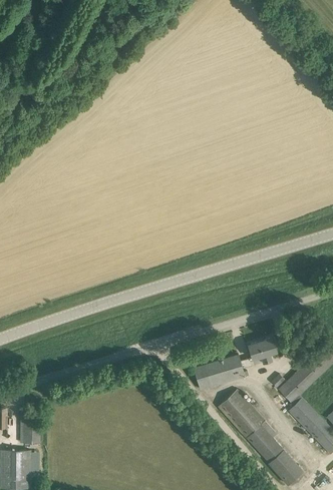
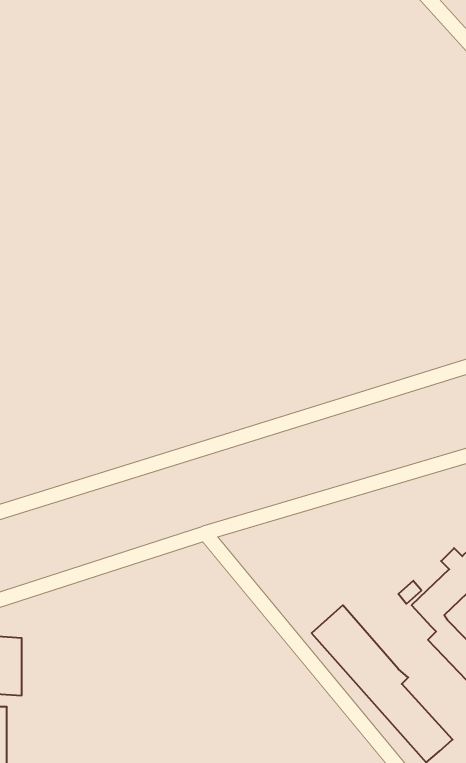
building: [249,338,277,364] -> none
building: [194,355,245,390] -> none

